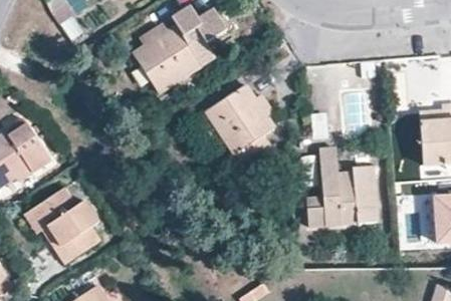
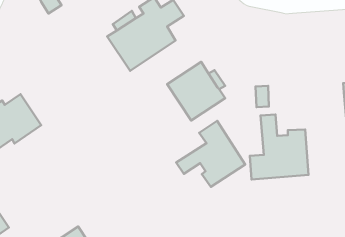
building: none -> [176,121,245,187]
building: [24,187,99,264] -> none

